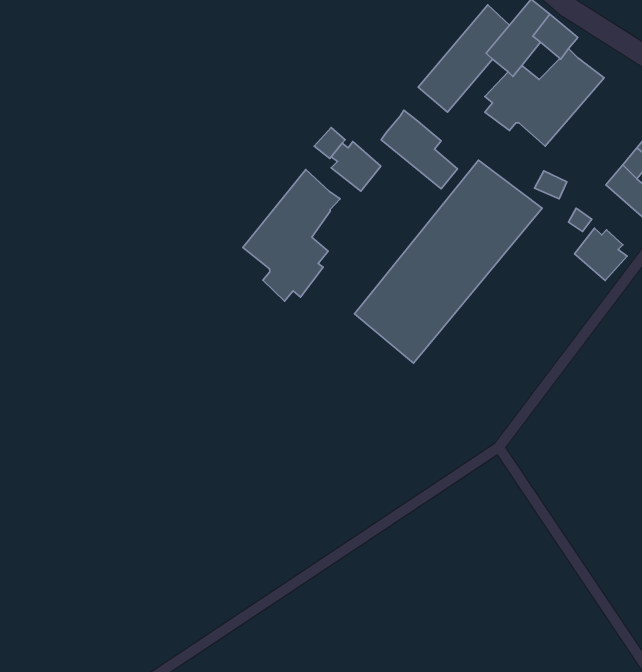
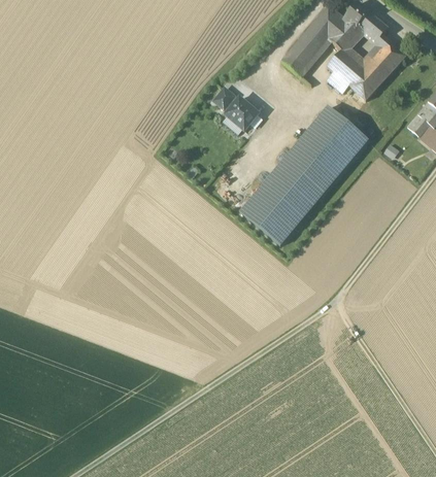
building: [381,110,457,189] -> none
building: [243,170,340,301] -> none
building: [575,228,627,281] -> none

